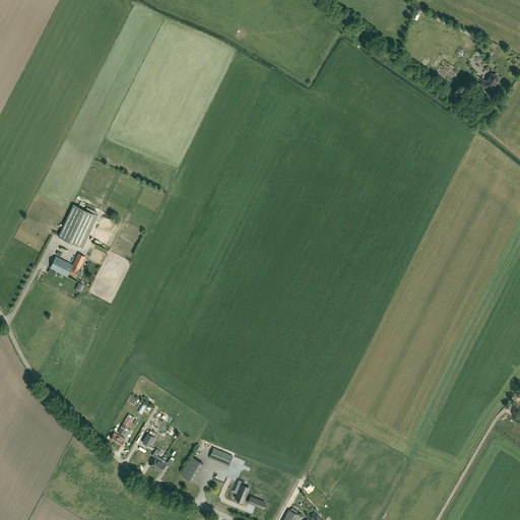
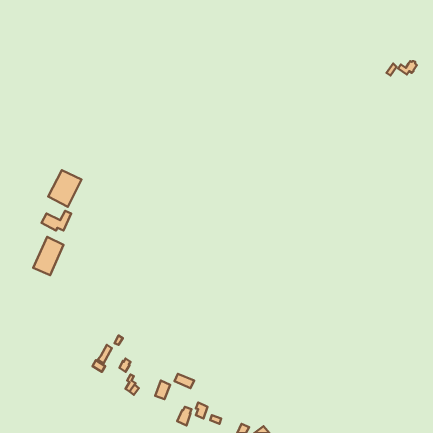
building: none -> [33,237,64,275]

